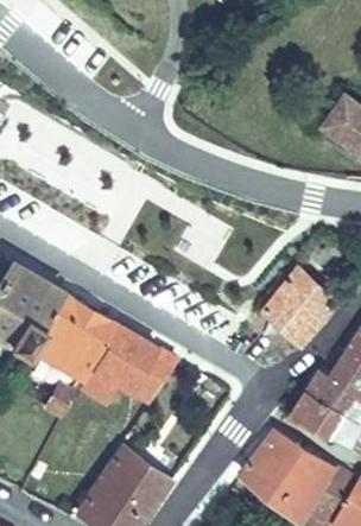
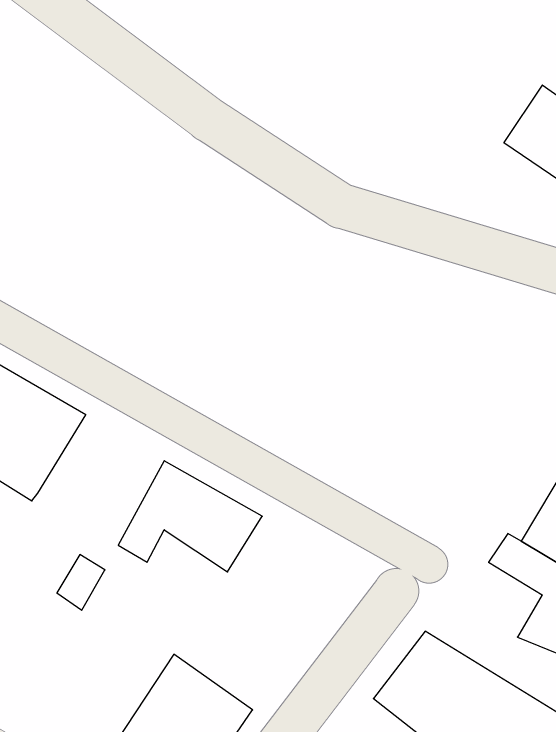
building: [260,268,338,346] -> none
building: [32,299,110,380] -> none
building: [291,391,344,437] -> none

